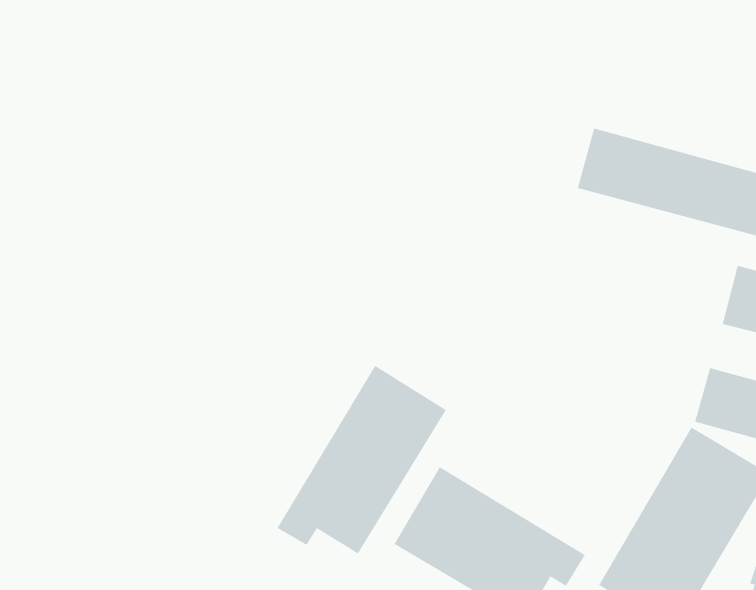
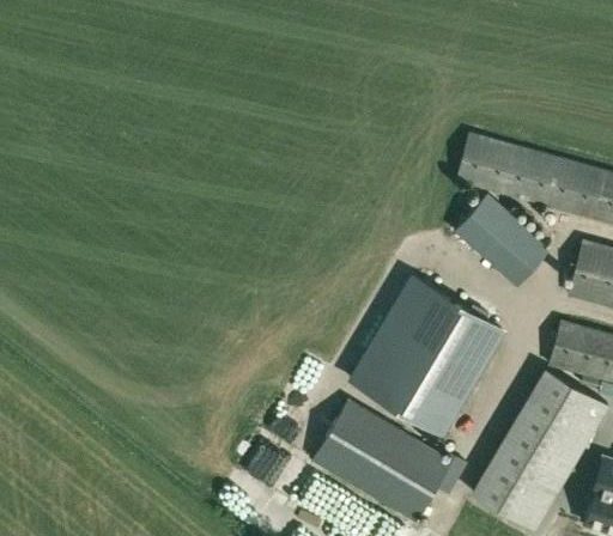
building: none -> [454,191,551,285]
building: none -> [356,284,505,439]
building: [276,365,447,555] -> none

